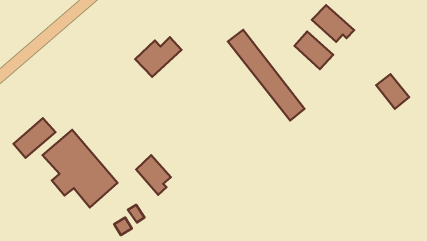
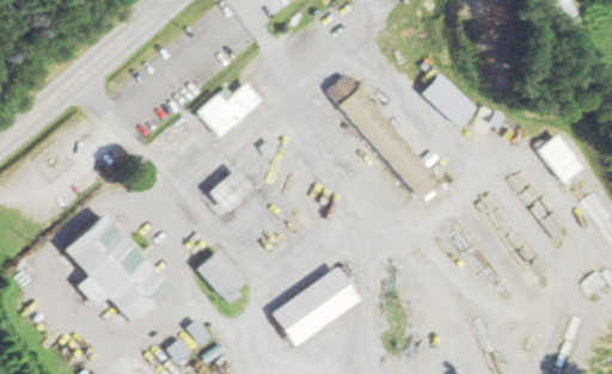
building: [312,5,354,42] -> none
building: [14,118,56,158] -> none
building: none -> [270,266,361,344]

